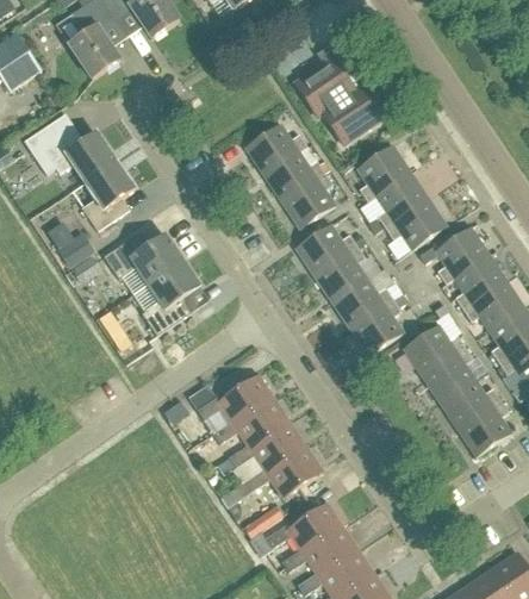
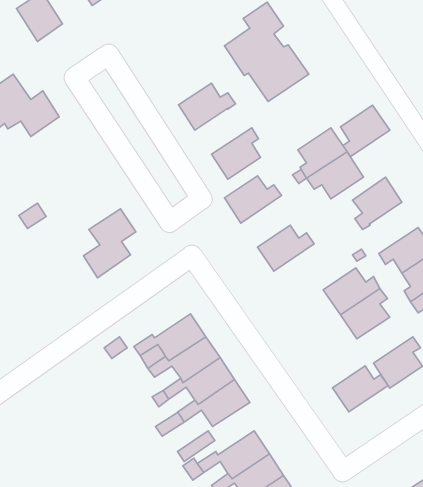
building: [357,145,411,201] -> [341,105,390,157]
building: [263,151,325,201] -> none
building: [82,161,135,231] -> none
building: [58,230,97,266] -> none
building: [104,231,182,283] -> none
building: [313,247,367,302] -> none
building: [453,254,506,310] -> none
building: [349,299,403,356] -> none
building: [440,379,500,429] -> [332,366,388,412]

